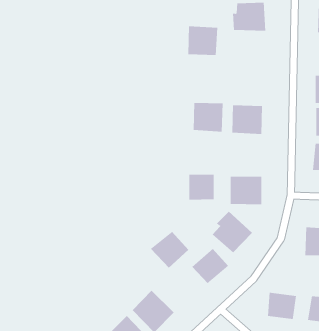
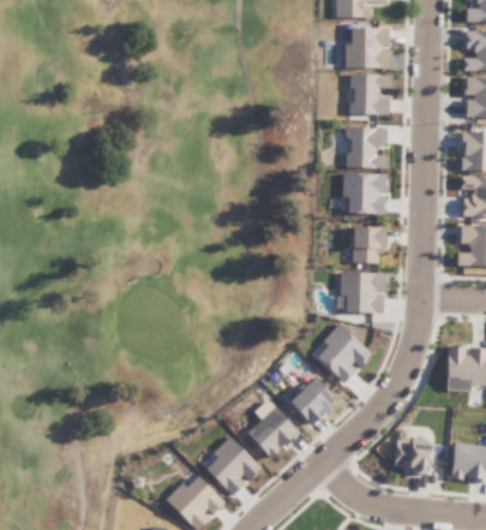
building: [187,26,218,56] -> [348,72,391,114]
building: [193,102,223,132] -> [346,126,389,168]
building: none -> [348,226,385,264]
building: [189,174,214,200] -> none
building: [150,231,189,268] -> [245,406,300,459]

